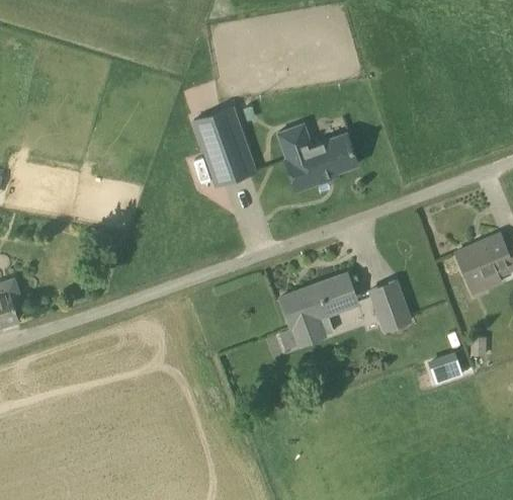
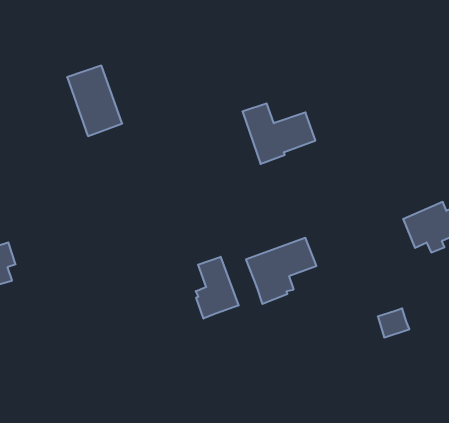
building: [193,106,255,185] -> [67,66,122,136]
building: [370,280,410,331] -> none
building: none -> [196,257,239,319]

